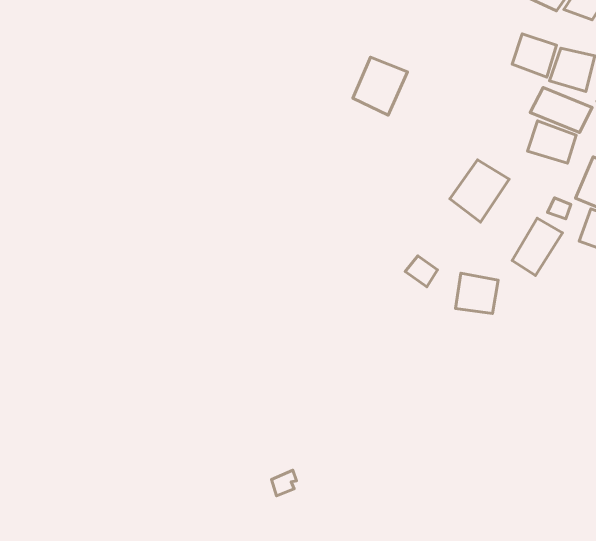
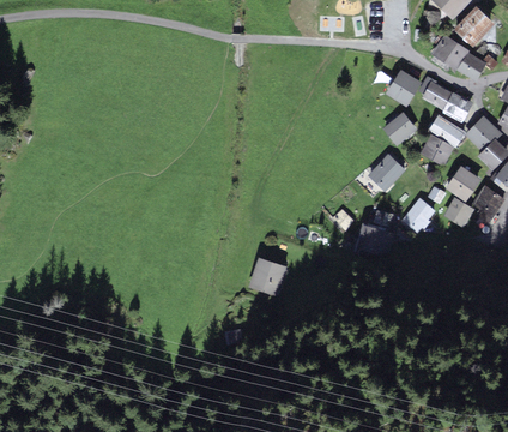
building: [353,57,407,115] -> [386,70,423,108]
building: none -> [383,113,417,145]
building: none -> [248,259,284,296]

